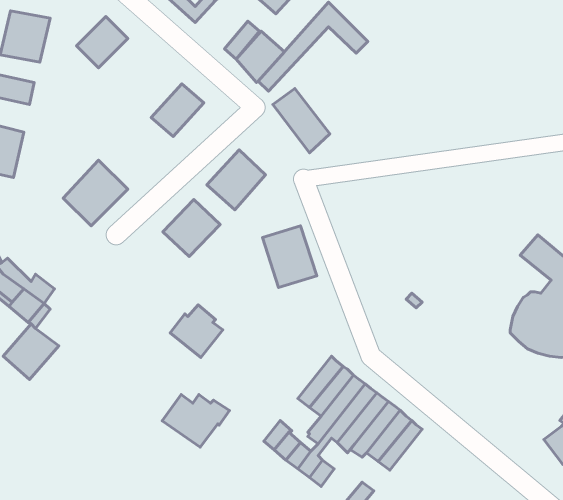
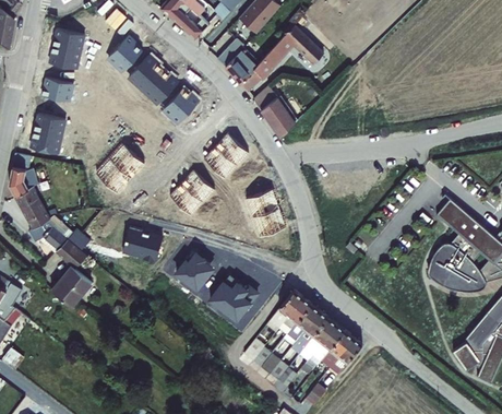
building: none -> [127,55,179,107]
building: none -> [122,227,163,262]
building: [162,394,230,447] -> [210,281,260,320]

